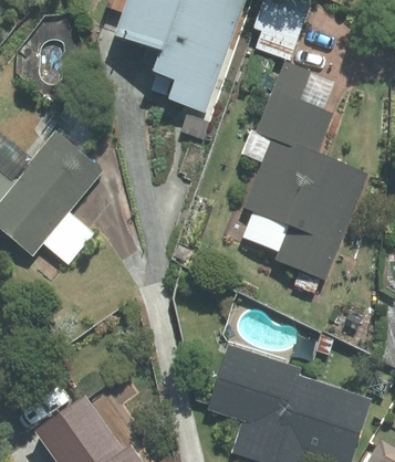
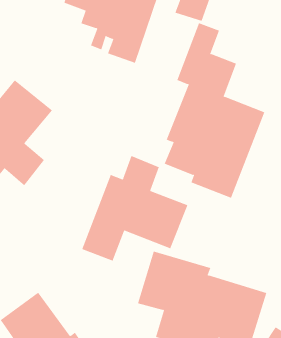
building: none -> [82,155,188,262]

